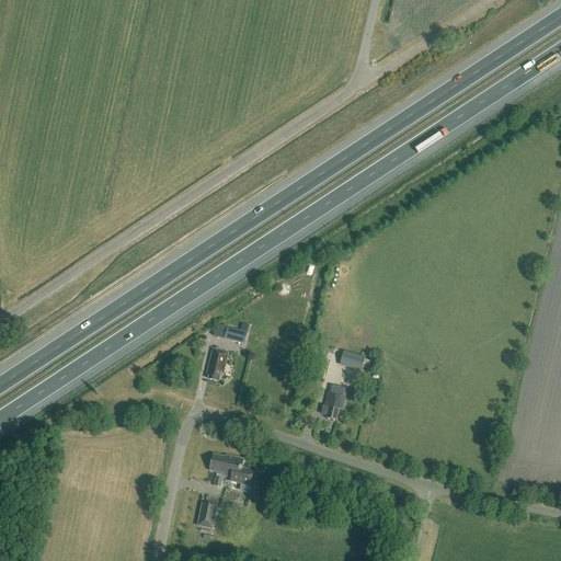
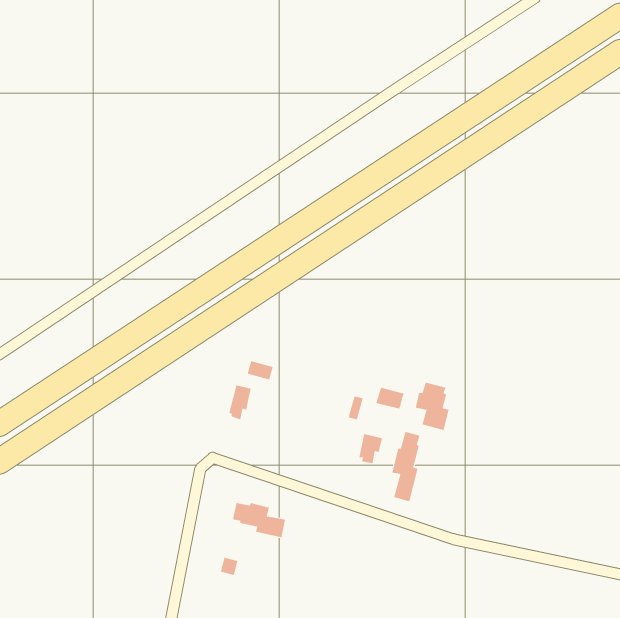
building: none -> [415,382,449,431]
building: none -> [392,431,420,502]

